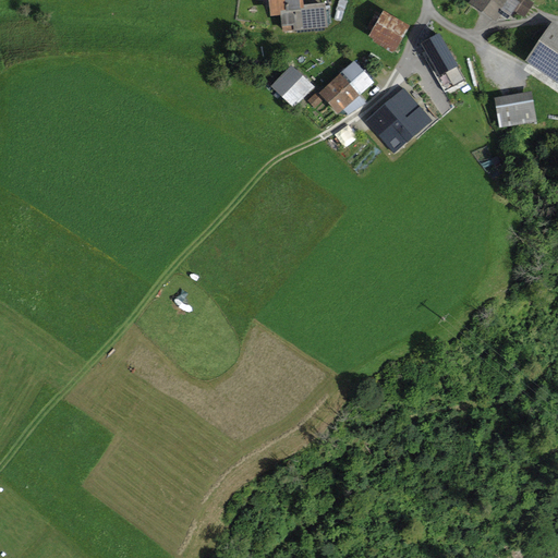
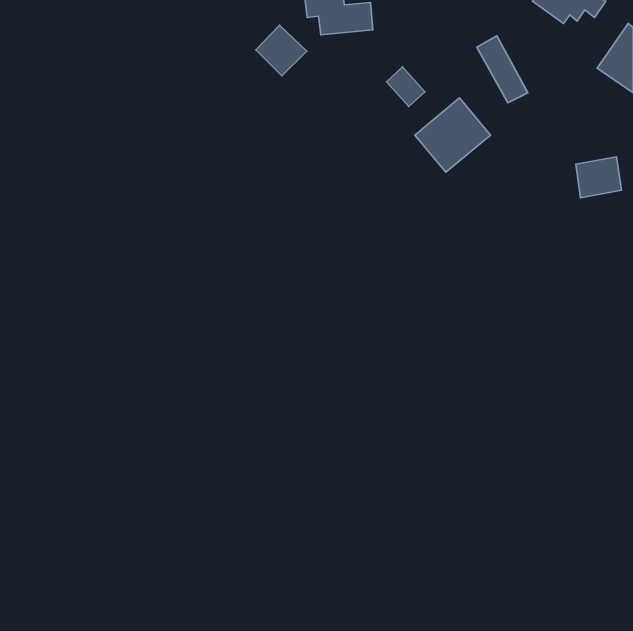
building: [368,10,410,50] -> none
building: [270,63,315,108] -> [256,25,307,76]
building: [318,72,360,112] -> none
building: [495,89,535,125] -> [576,157,622,198]

